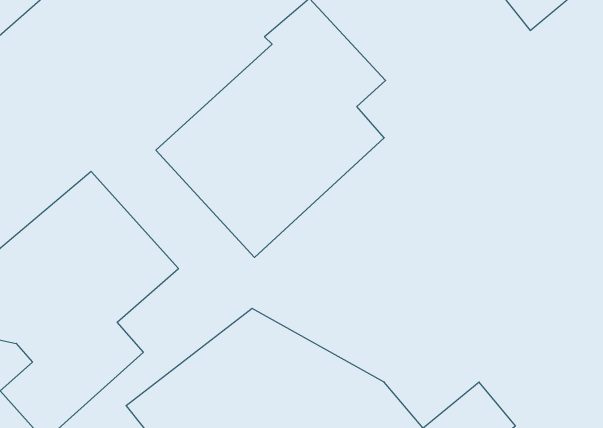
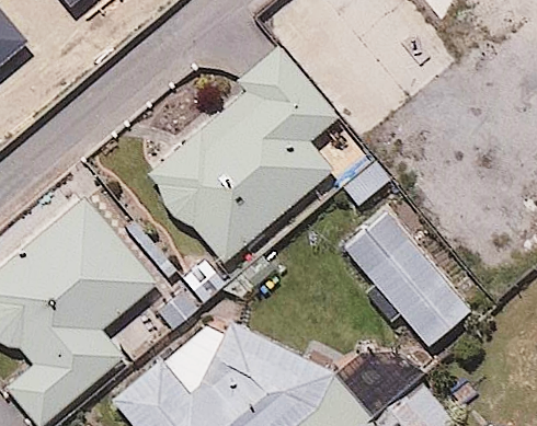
building: none -> [333,202,475,350]

